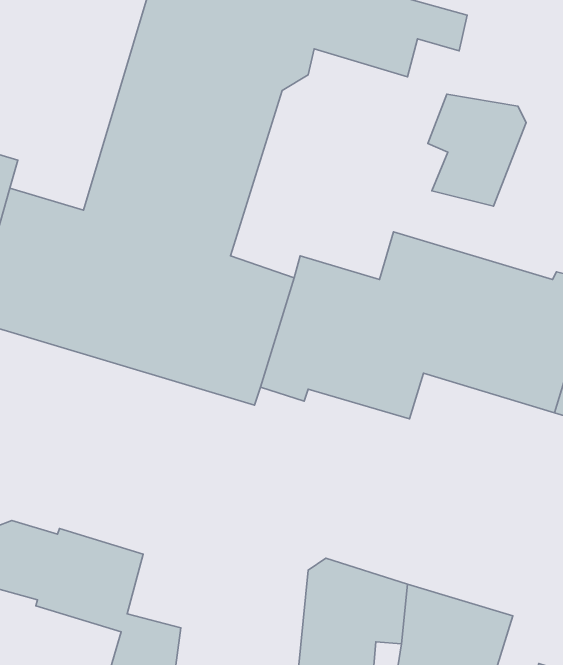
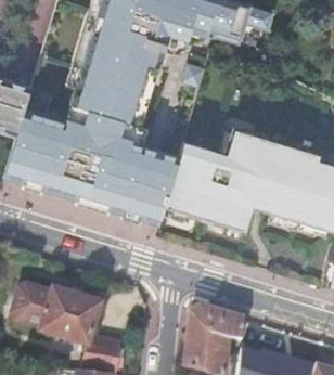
building: [428,94,526,206] -> none

